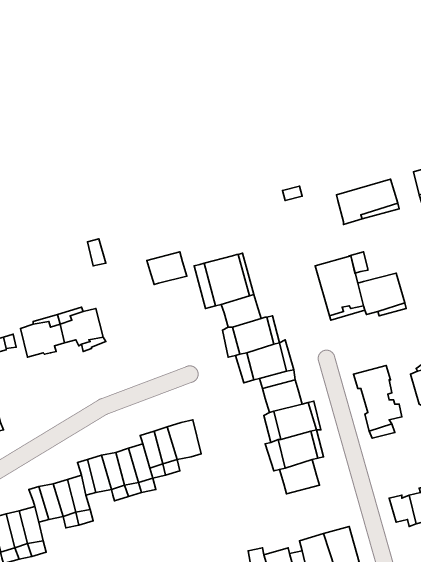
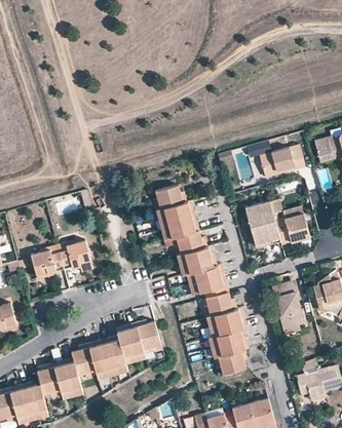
building: [147,252,187,285] -> [155,185,184,208]

